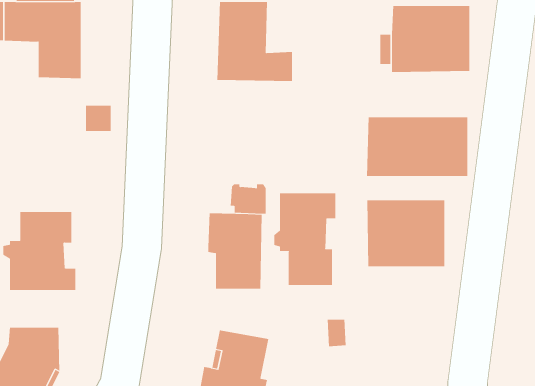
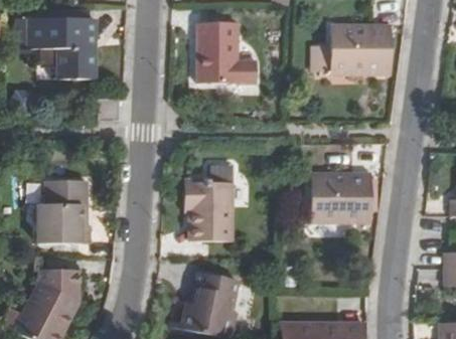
building: [367,116,468,177] -> none
building: [274,193,336,286] -> none

